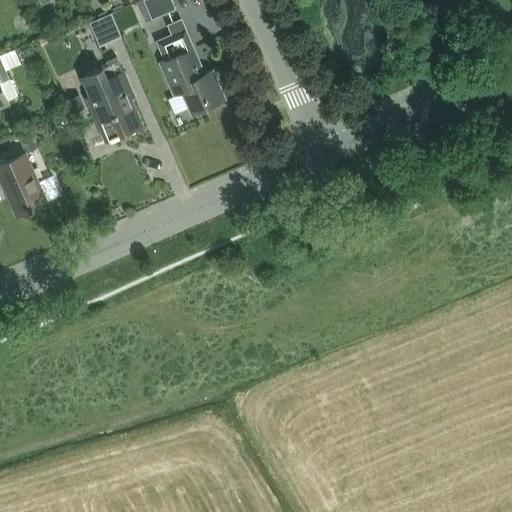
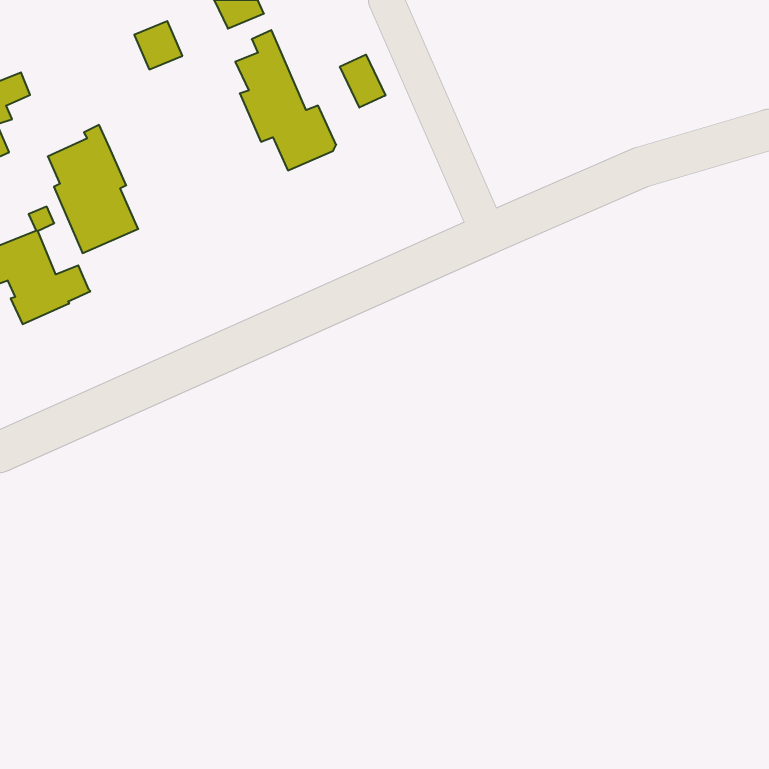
building: none -> [340,55,385,108]
building: [81,57,141,142] -> [48,125,138,253]

